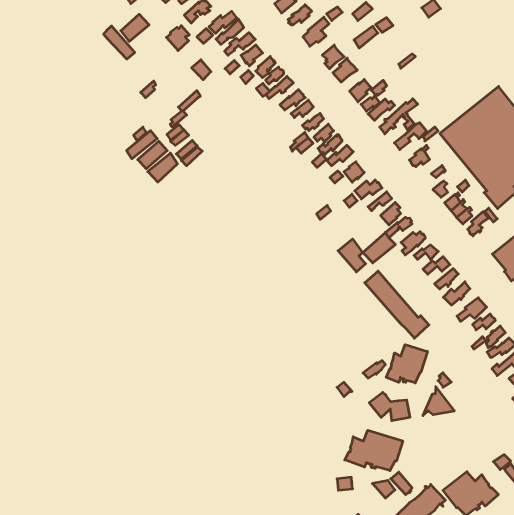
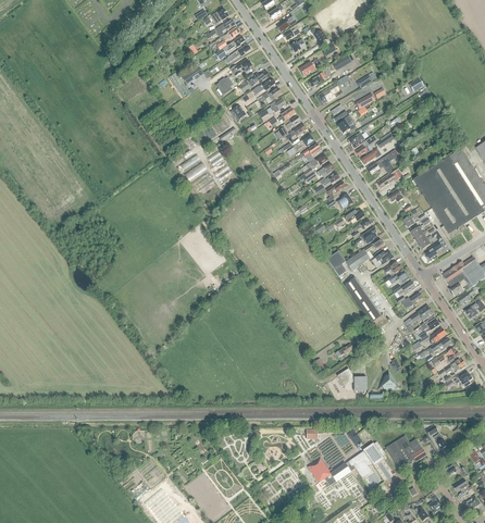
building: [386,345,427,383] -> none
building: [345,430,403,471] -> none

